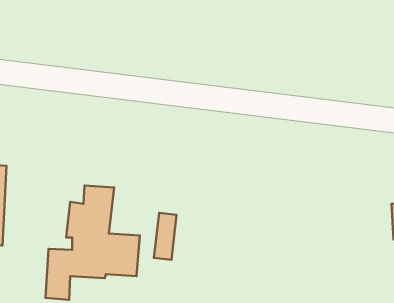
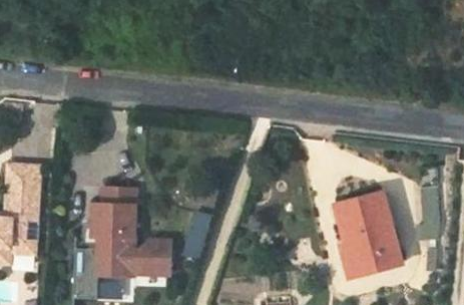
building: none -> [333,193,397,279]

